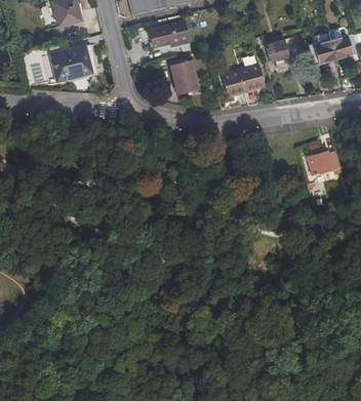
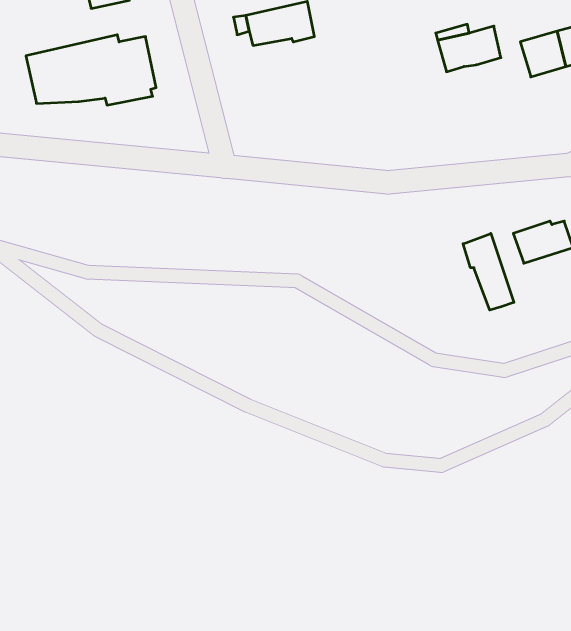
building: [169,62,202,96] -> none
building: [223,65,266,94] -> none
building: none -> [463,233,514,310]

